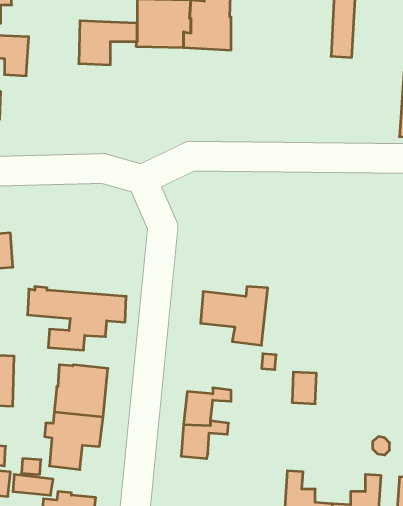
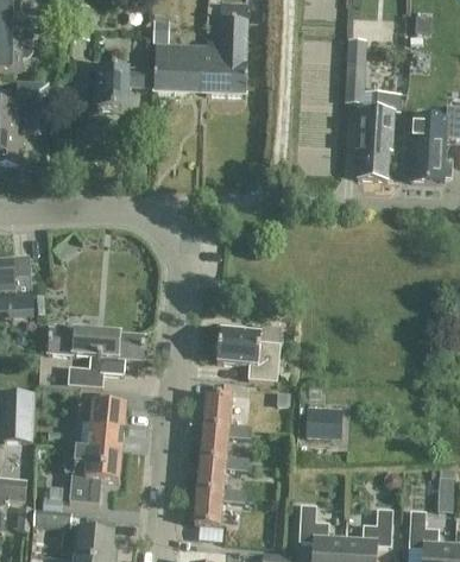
building: none -> [355,90,402,178]
building: none -> [203,384,232,430]
building: none -> [194,488,240,526]

